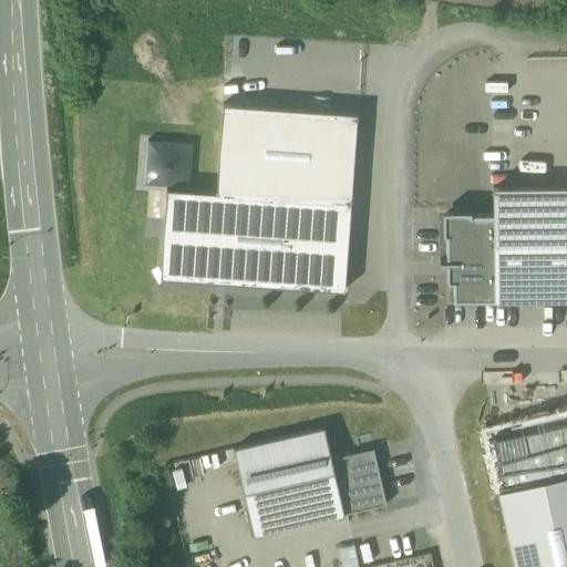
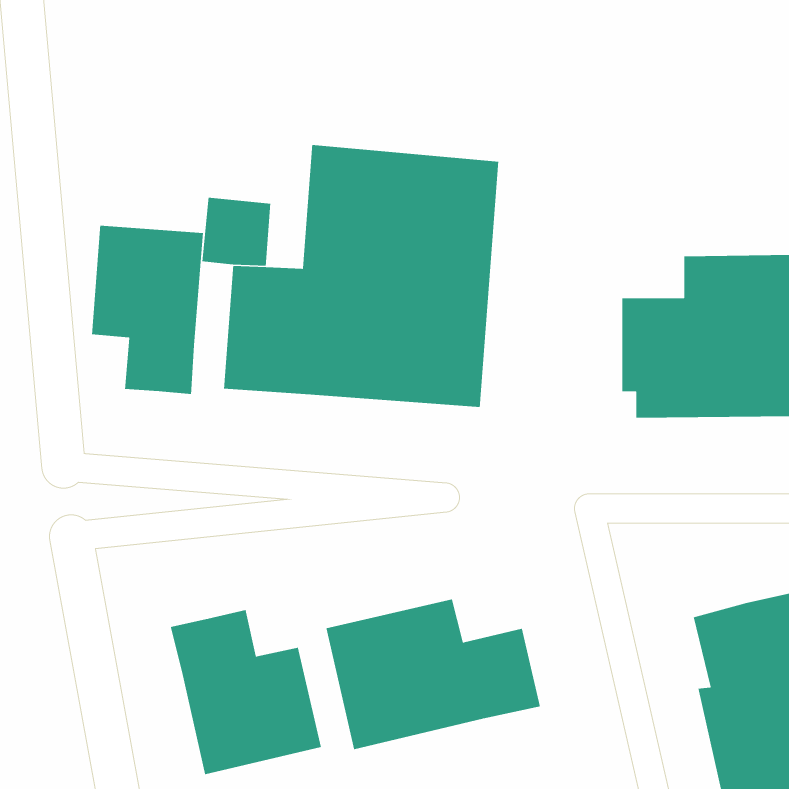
building: none -> [91,225,204,395]
building: none -> [170,609,322,775]

